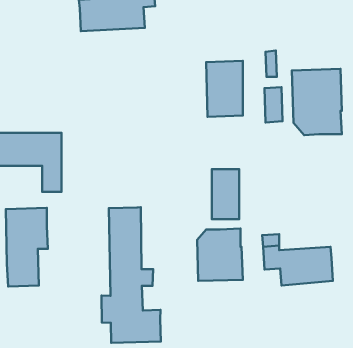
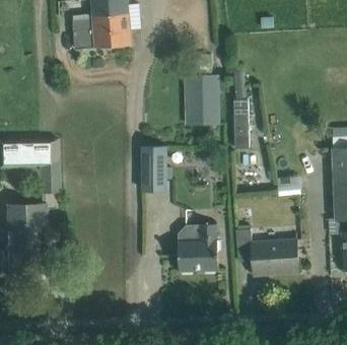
building: [292,69,342,135] -> none
building: [212,169,239,219] -> [141,145,165,190]
building: [102,207,161,343] -> none

